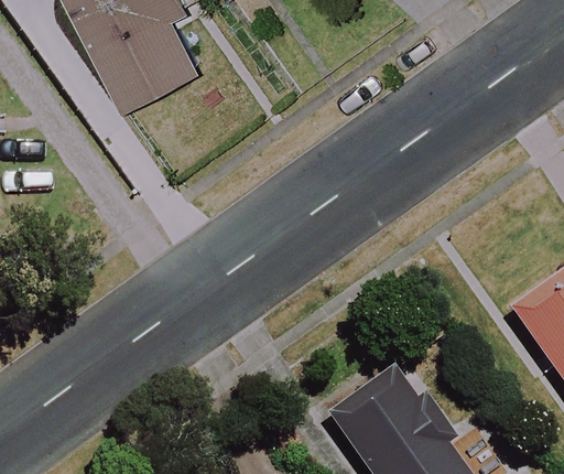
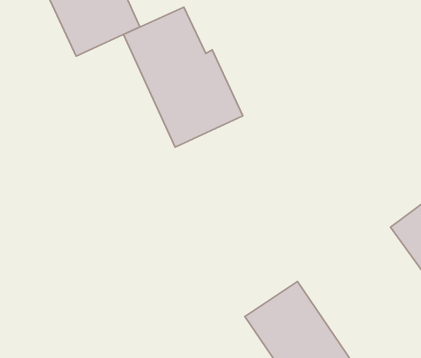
building: none -> [124,7,243,147]

